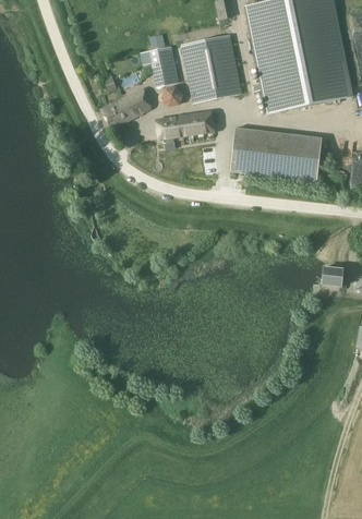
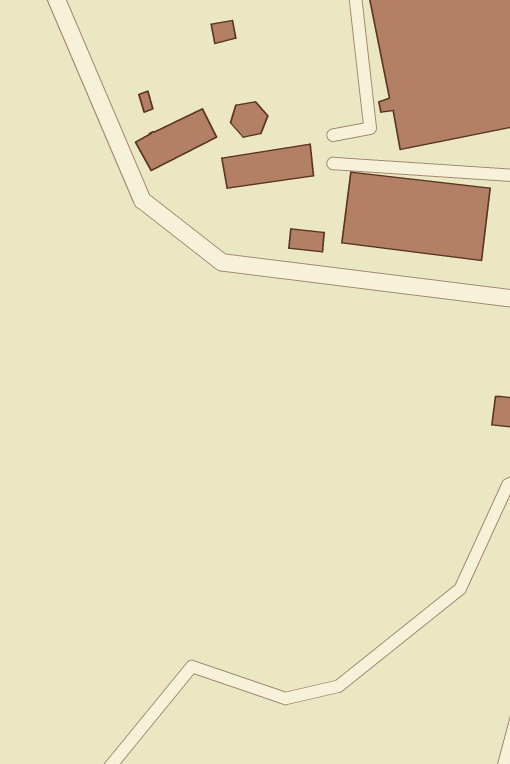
building: [181,33,242,101] -> none
building: [149,46,178,85] -> none

